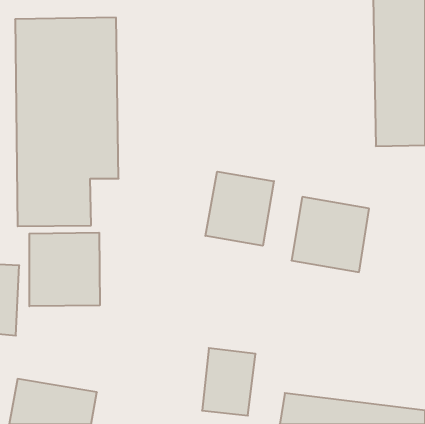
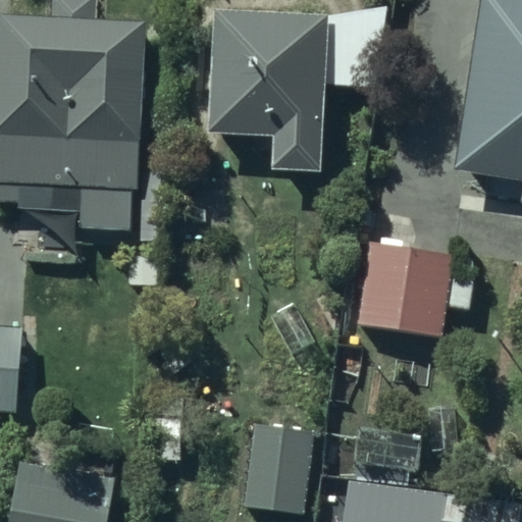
building: none -> [196,12,343,155]
building: [205,172,274,246] -> none
building: [29,233,100,306] -> none

